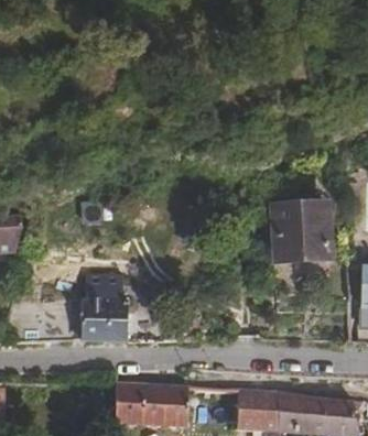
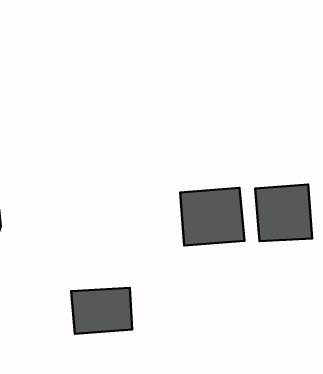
building: none -> [180,188,245,245]

